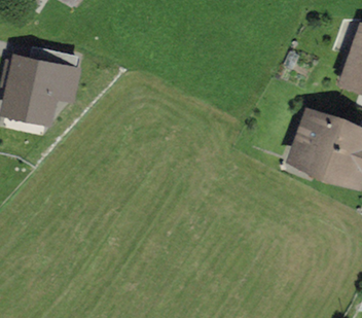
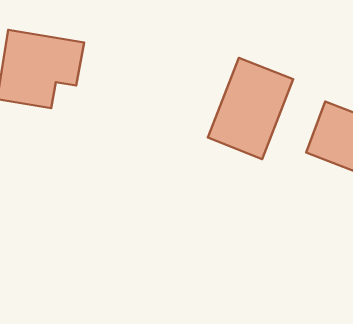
building: none -> [208,58,293,159]

